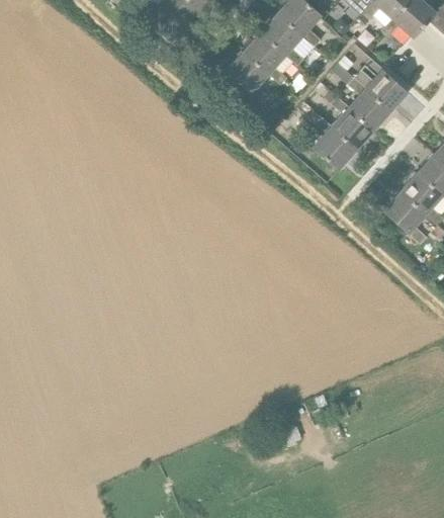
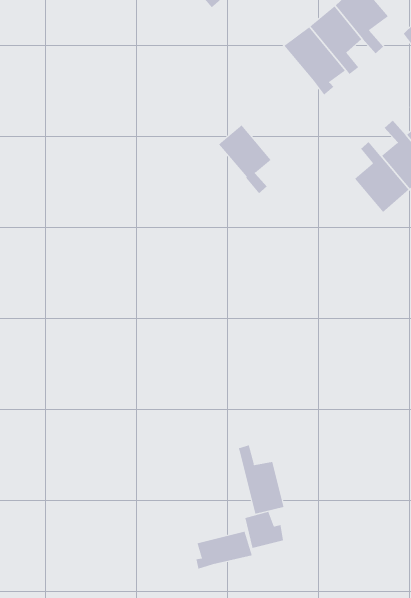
building: [227,51,270,103] -> [218,125,272,194]
building: none -> [238,444,284,514]
building: none -> [196,531,252,569]

